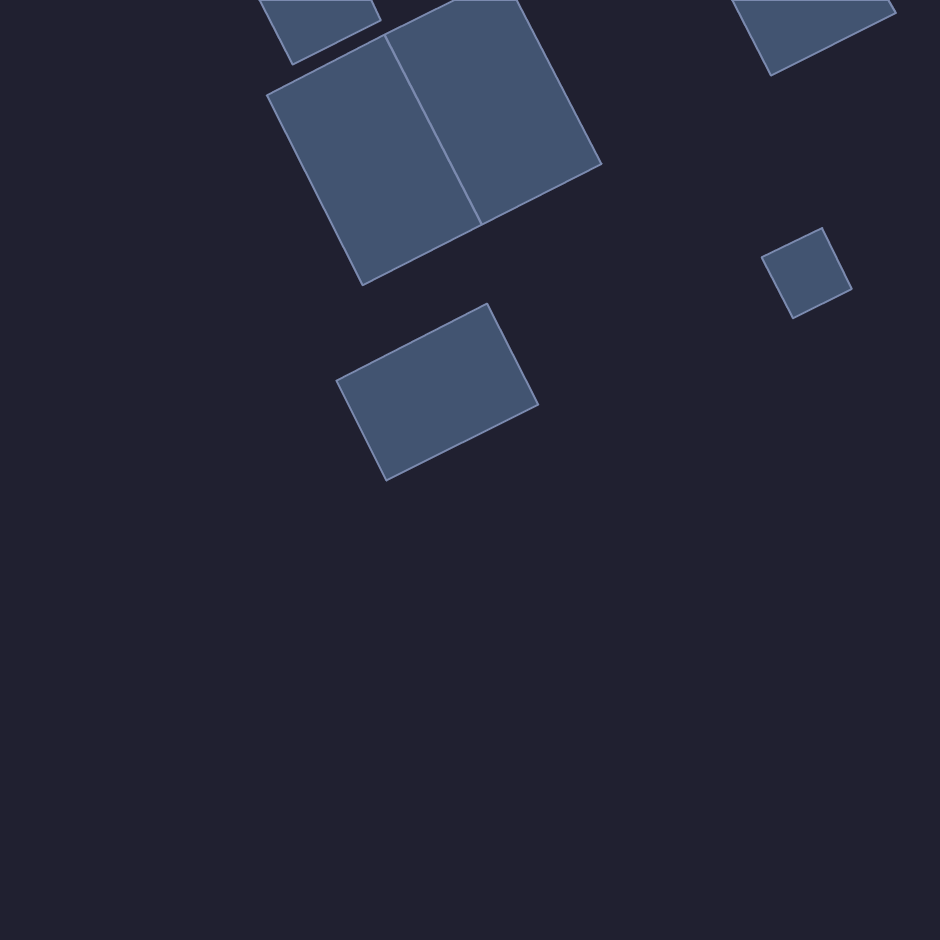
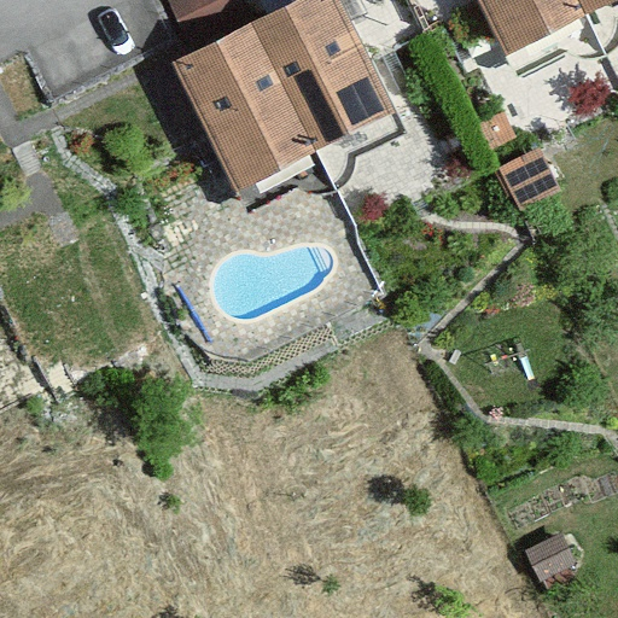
building: [336,304,538,481] -> none

